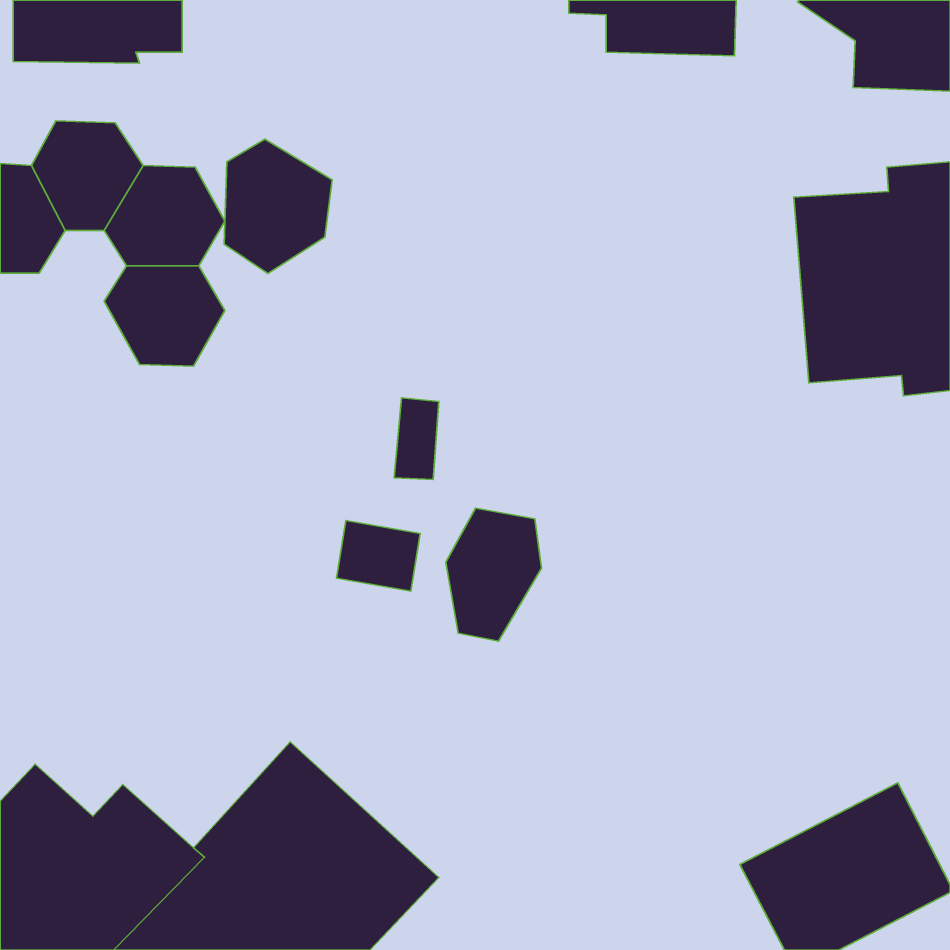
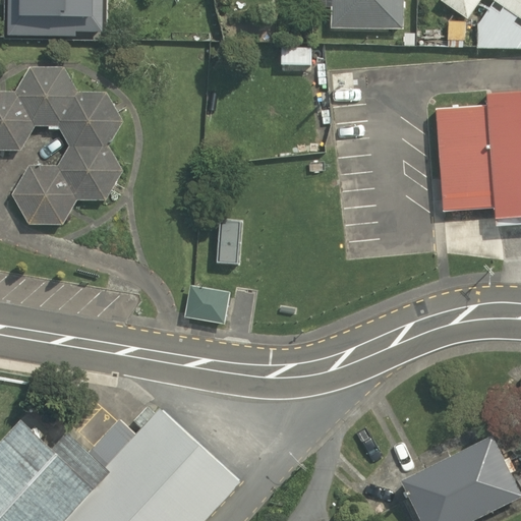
building: [224,139,332,274] -> none
building: none -> [12,165,76,225]
building: [446,508,541,641] -> none

